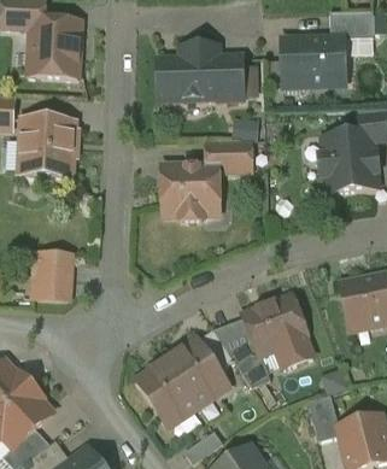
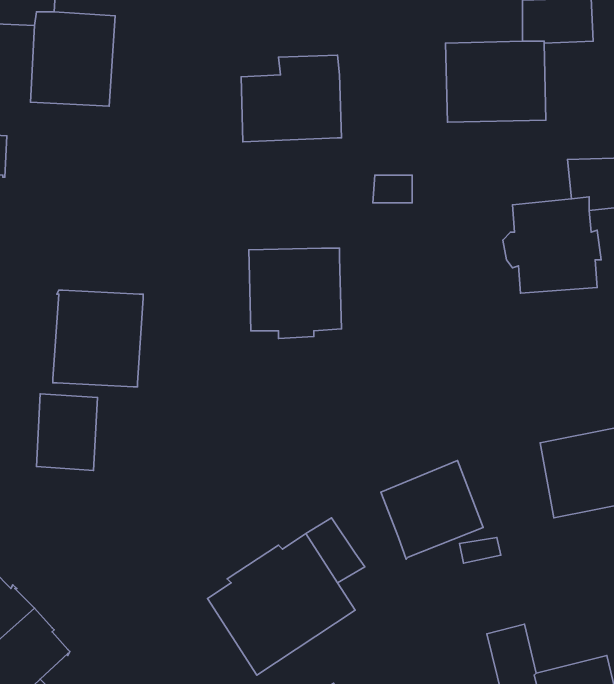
building: [216,57,242,100] -> none
building: [18,118,74,177] -> [53,290,143,387]
building: [206,141,251,170] -> none
building: [227,341,270,387] -> none

